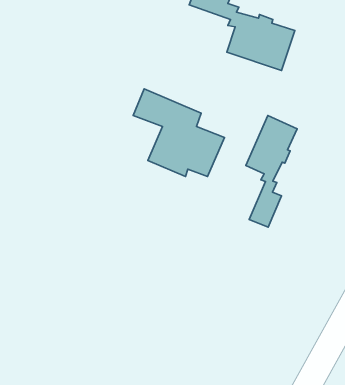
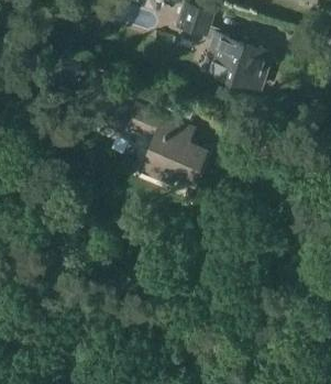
building: [246,116,297,227] -> none

